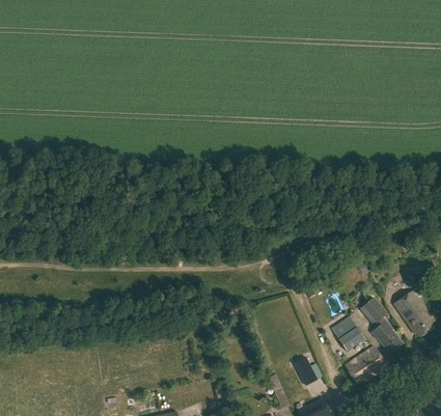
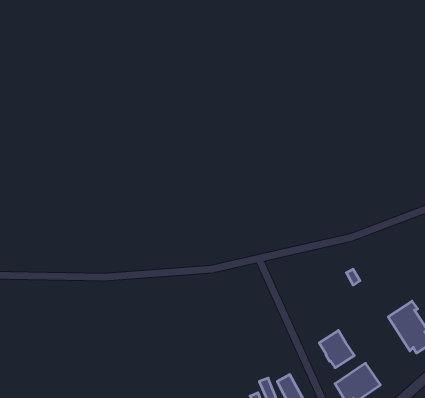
building: [358,298,403,354] -> none

